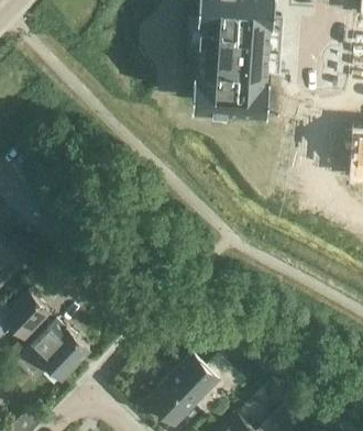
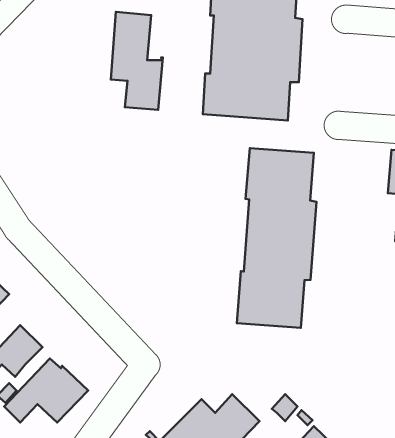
building: none -> [111,12,163,110]
building: none -> [237,148,317,328]

